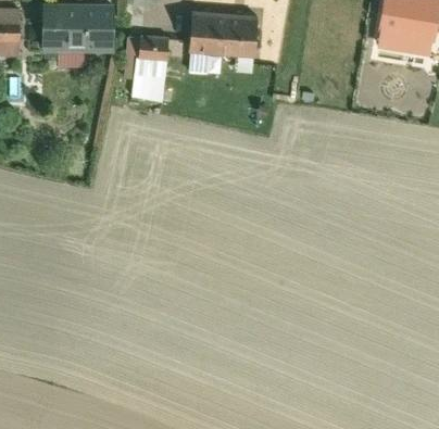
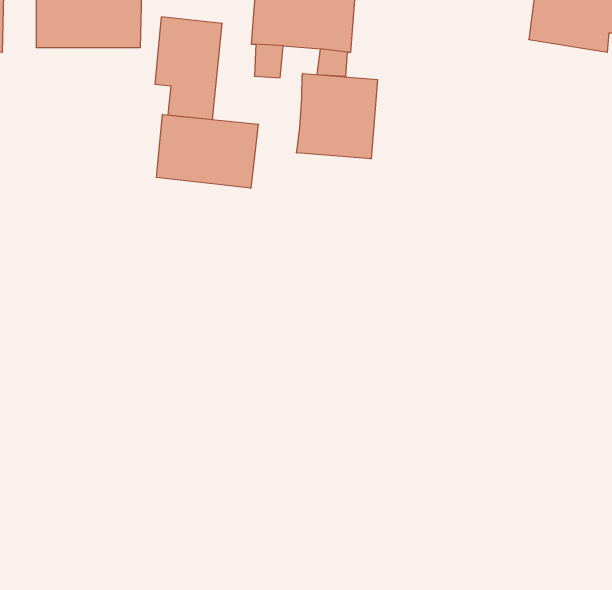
building: none -> [296,73,377,159]
building: none -> [157,114,258,188]

